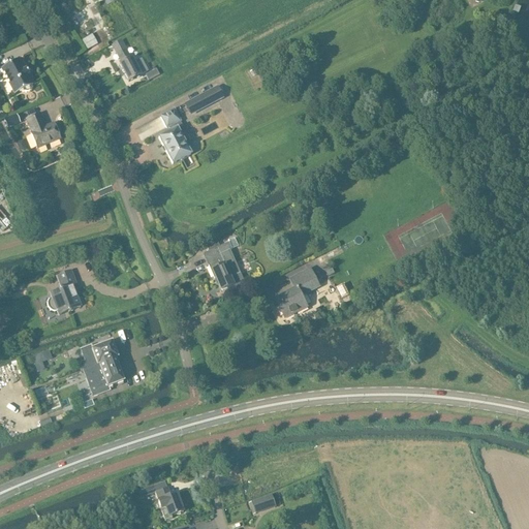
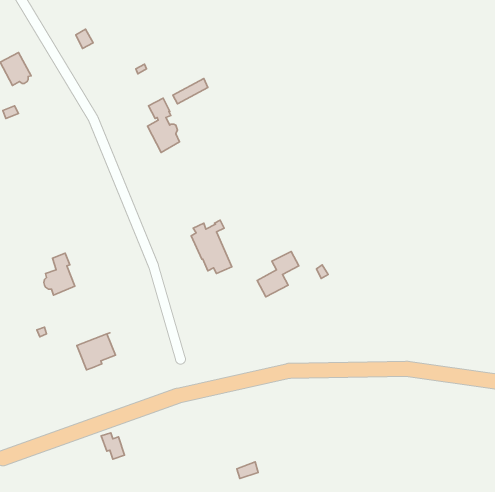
building: [116,46,148,80] -> none
building: [27,112,60,145] -> none
building: [81,339,118,368] -> none
building: [157,487,182,515] -> [101,433,124,459]

